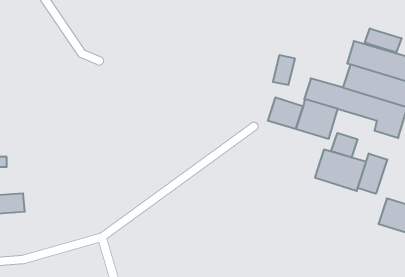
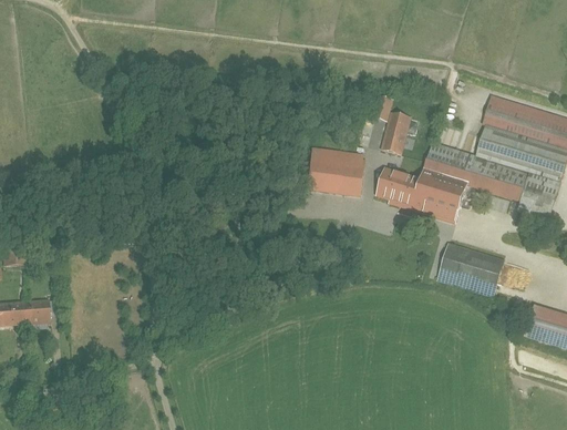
building: [365,28,401,53] -> none
building: none -> [305,152,367,199]
building: [331,133,358,158] -> none
building: [358,153,387,194] -> none

